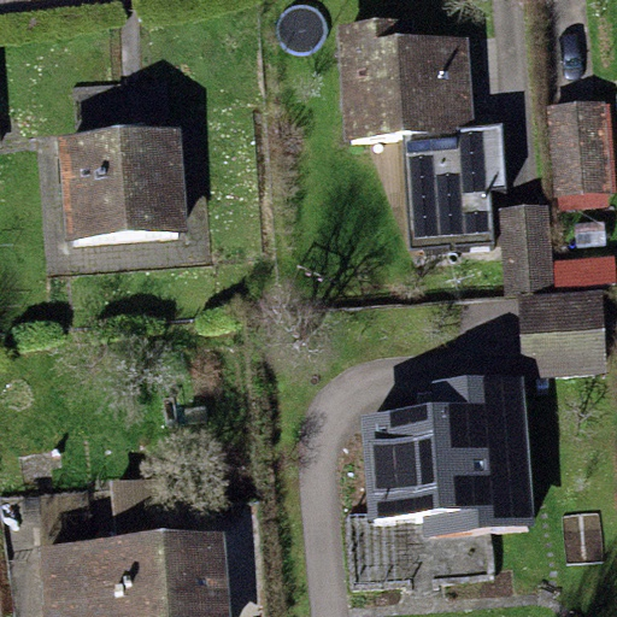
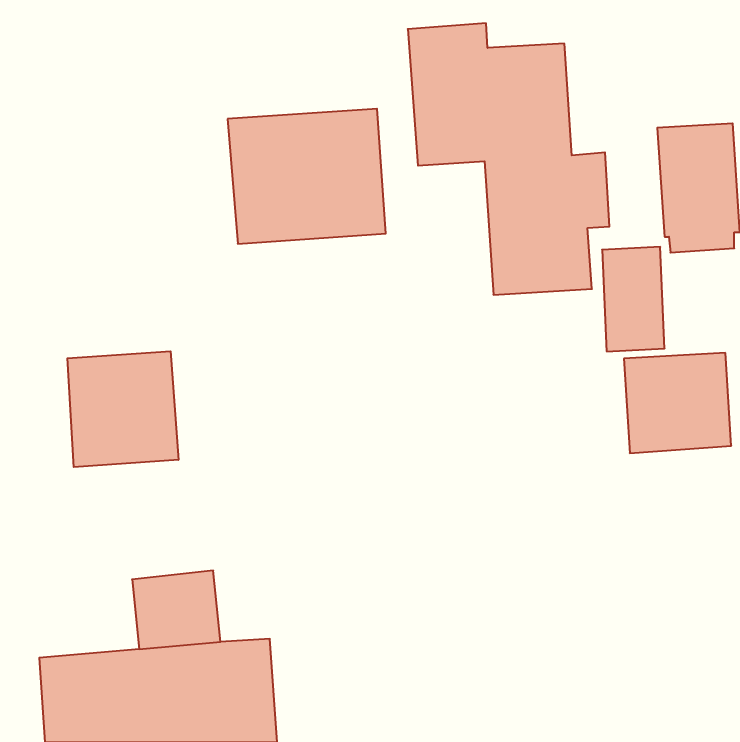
building: [55,130,187,242] -> [228,109,386,244]
building: none -> [67,351,178,467]
building: [360,376,531,537] -> none

